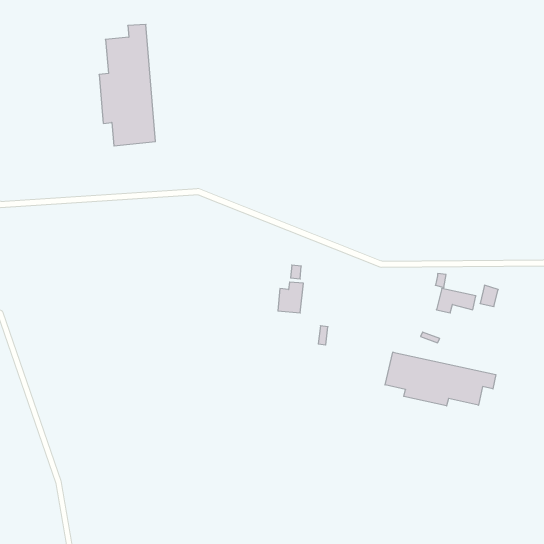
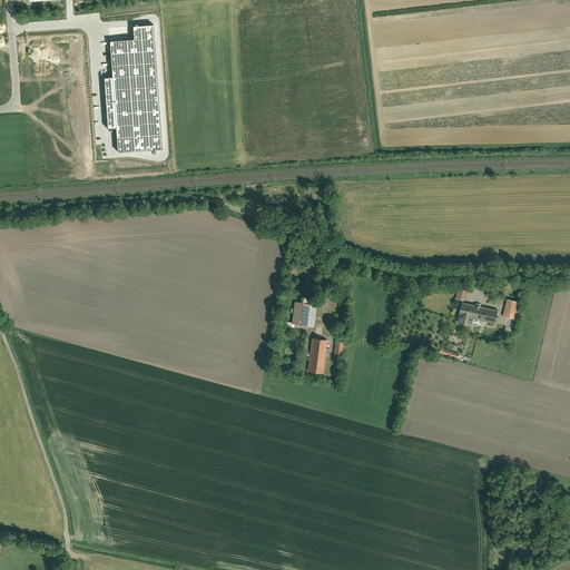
building: none -> [307,338,328,373]
building: [385,352,496,406] -> none

